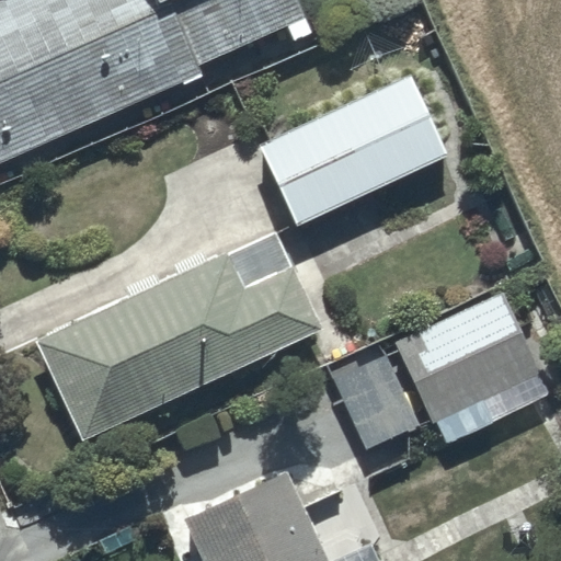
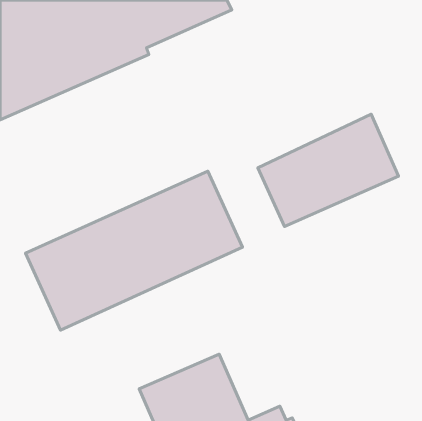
building: [260,73,446,222] -> [258,114,399,227]
building: [327,291,550,450] -> none

